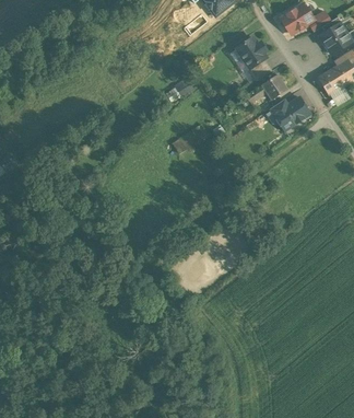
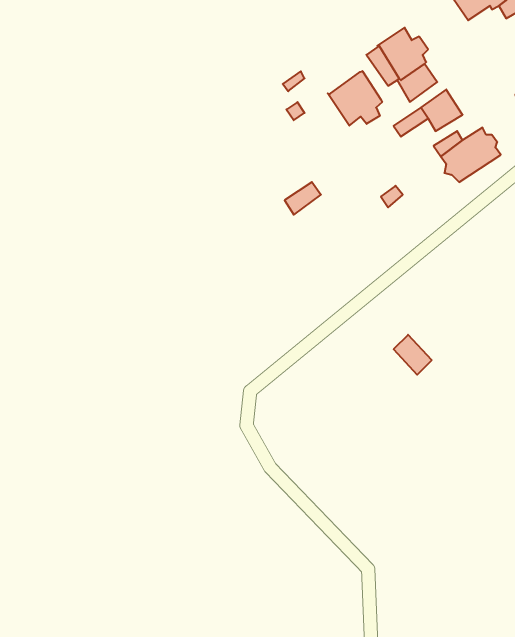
building: none -> [328,71,382,126]

